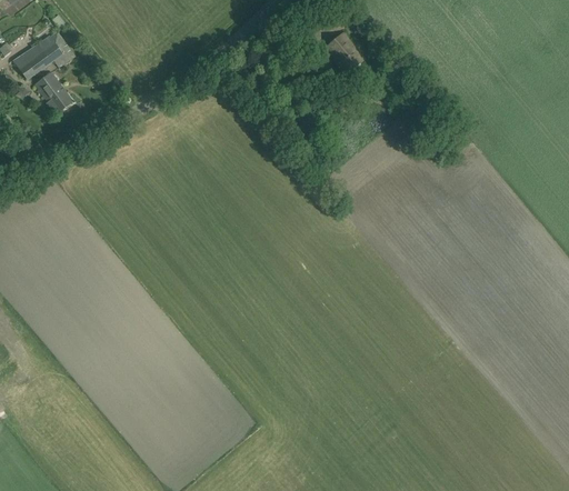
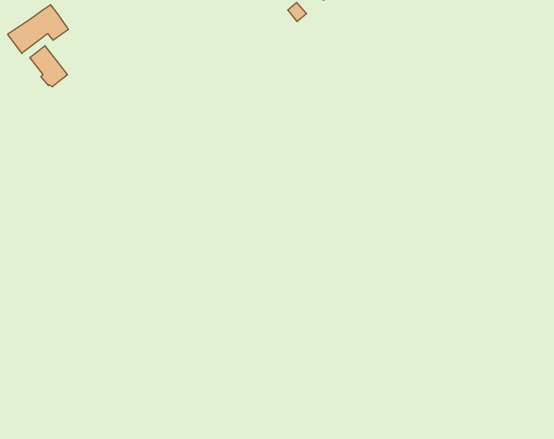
building: [325,32,365,76] -> none

